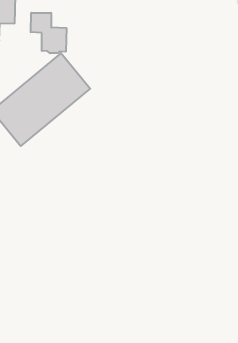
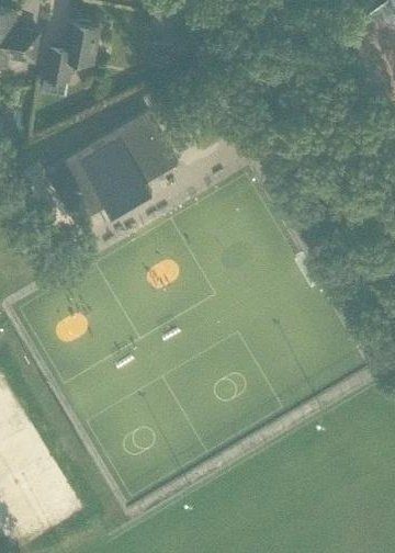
building: [31,13,66,53] -> none

